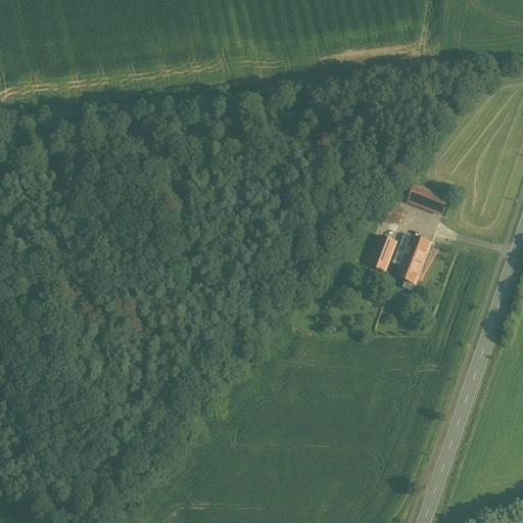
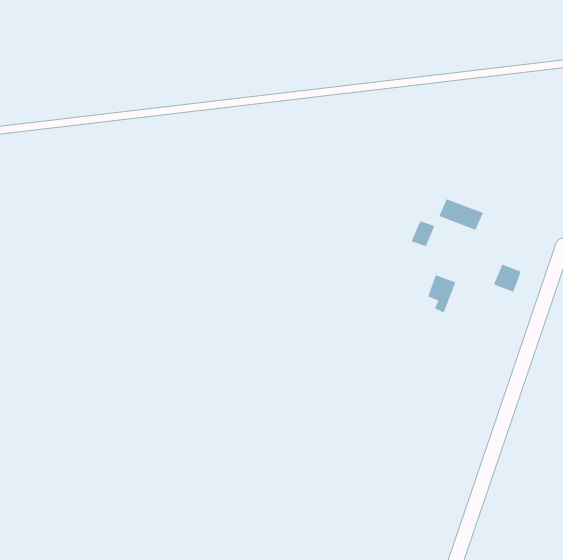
building: [369,235,396,271] -> none
building: [403,235,430,262] -> [493,264,522,292]

